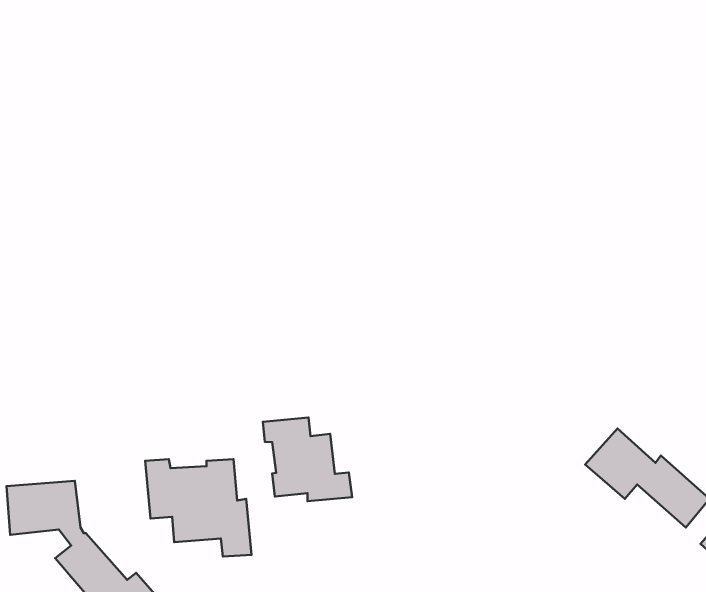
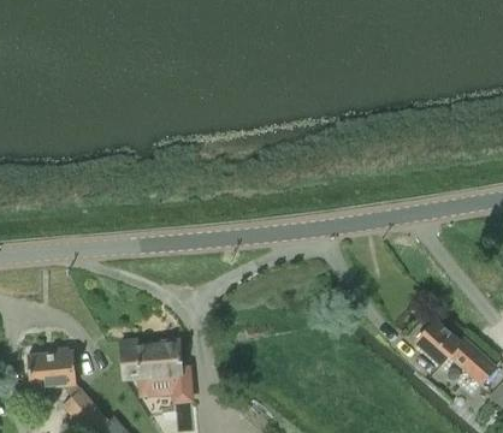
building: [263,418,352,501] -> none

